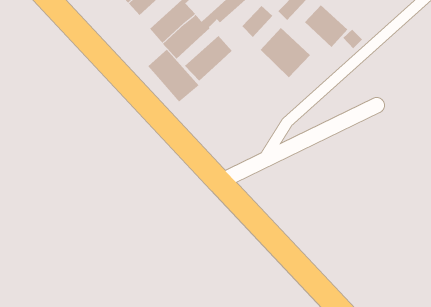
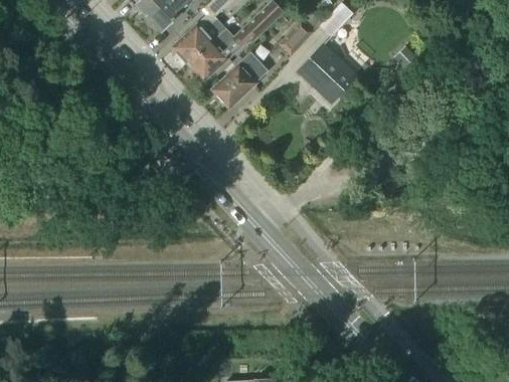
building: [304,5,348,48] -> none
building: [148,49,199,103] -> none

